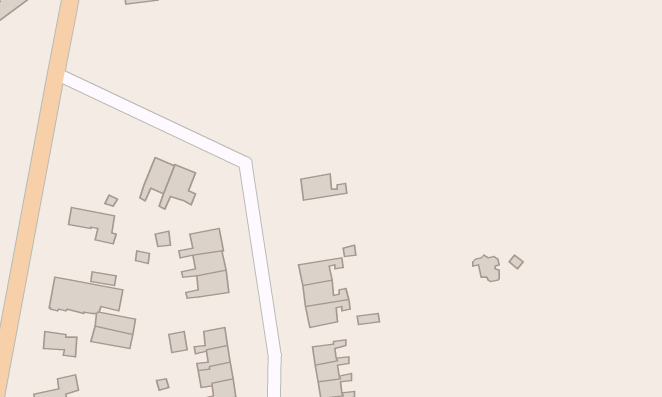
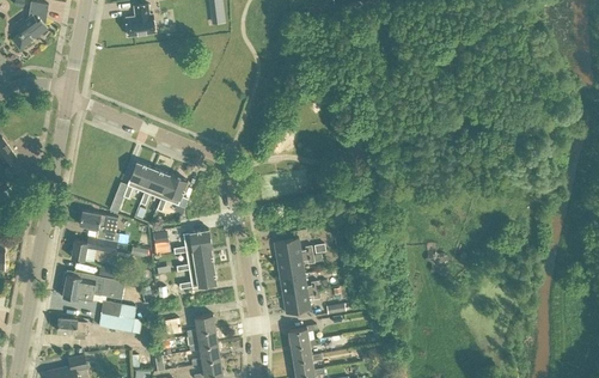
building: none -> [122,161,152,197]
building: [301,174,347,200] -> [273,237,312,260]
building: none -> [69,237,116,261]

